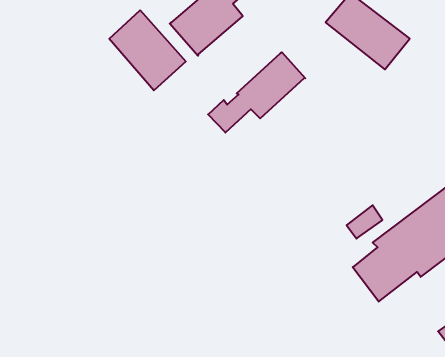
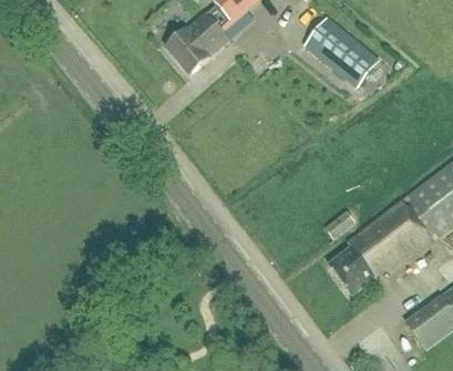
building: [109,10,186,90] -> none
building: [208,52,305,133] -> none

